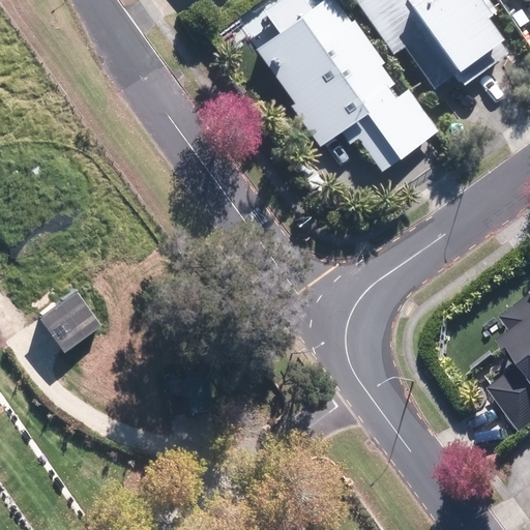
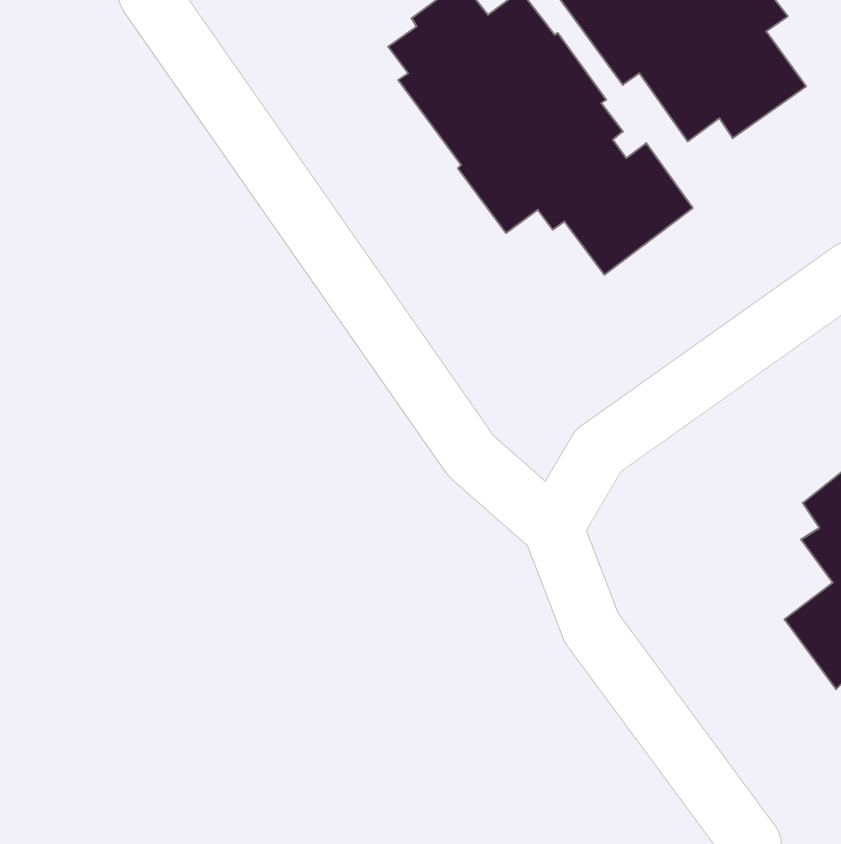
building: [47,287,110,348] -> none

